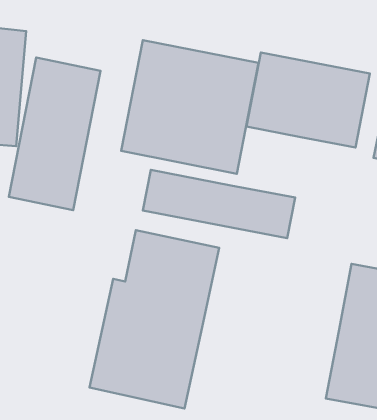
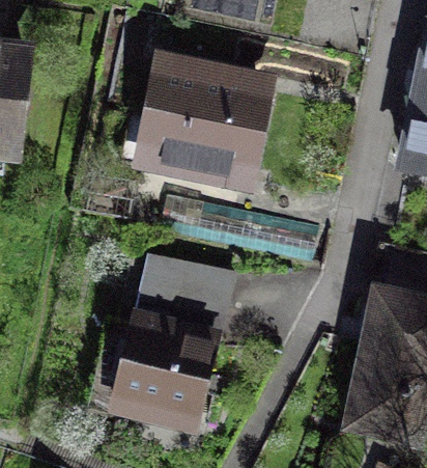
building: [246,53,370,147] -> none
building: [9,58,101,210] -> none

